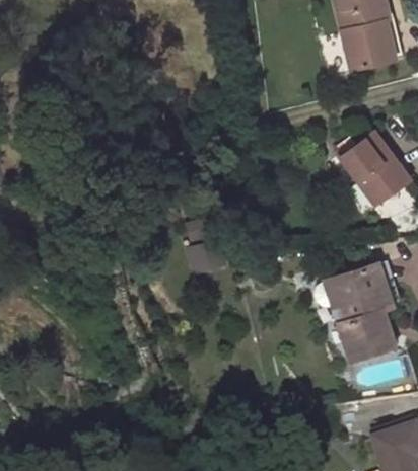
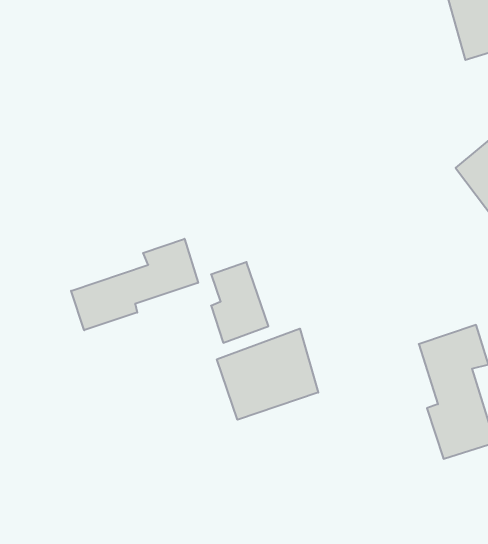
building: none -> [71,239,198,330]
building: none -> [217,329,318,420]

